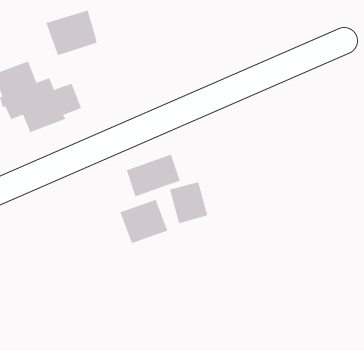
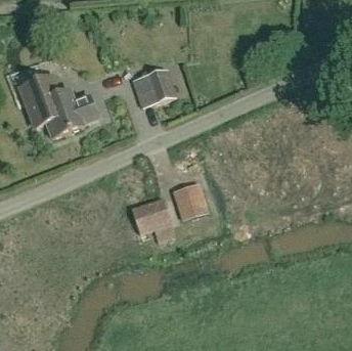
building: [46,10,98,56] -> [131,69,176,108]
building: [126,154,180,197] -> none

